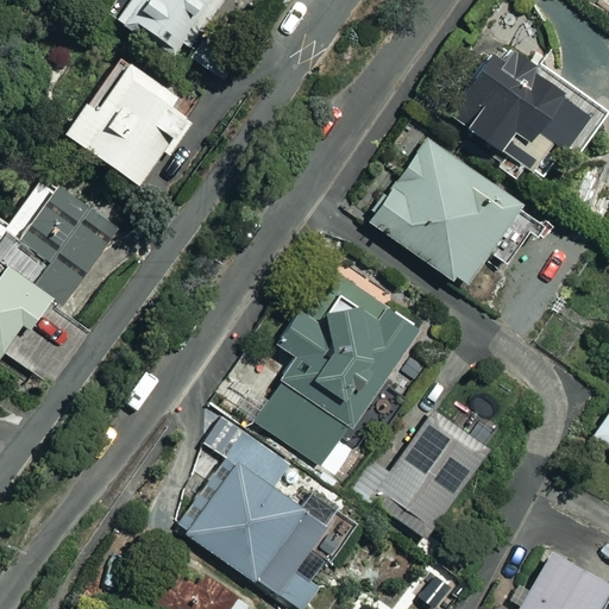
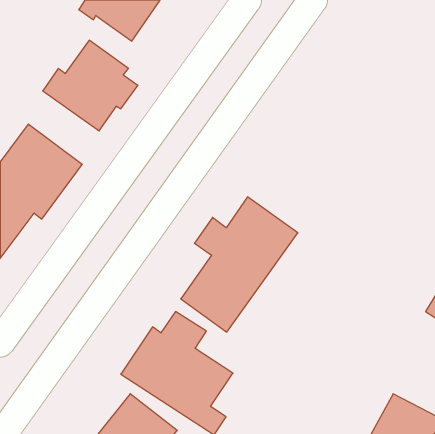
building: [447,40,577,172] -> none
building: [358,127,550,288] -> none
building: [357,419,488,541] -> none

